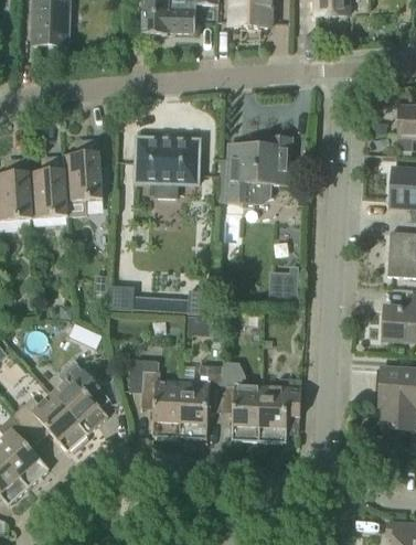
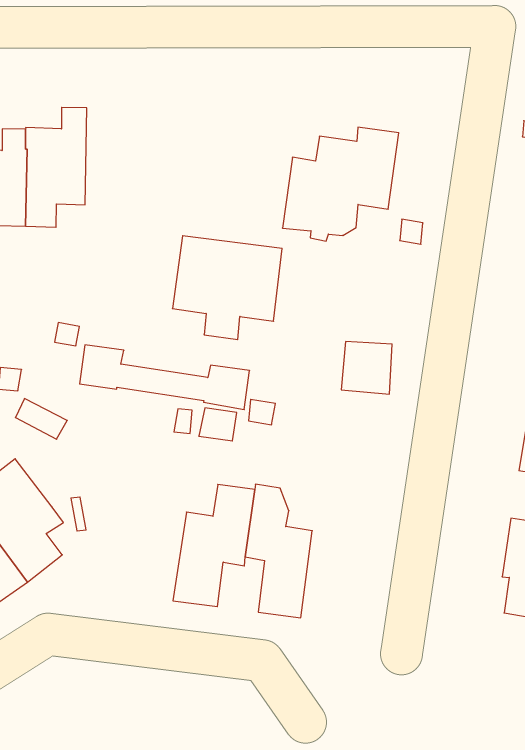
building: [135,137,199,197] -> [172,236,282,340]
building: [129,359,182,437] -> none
building: [258,377,301,442] -> none

